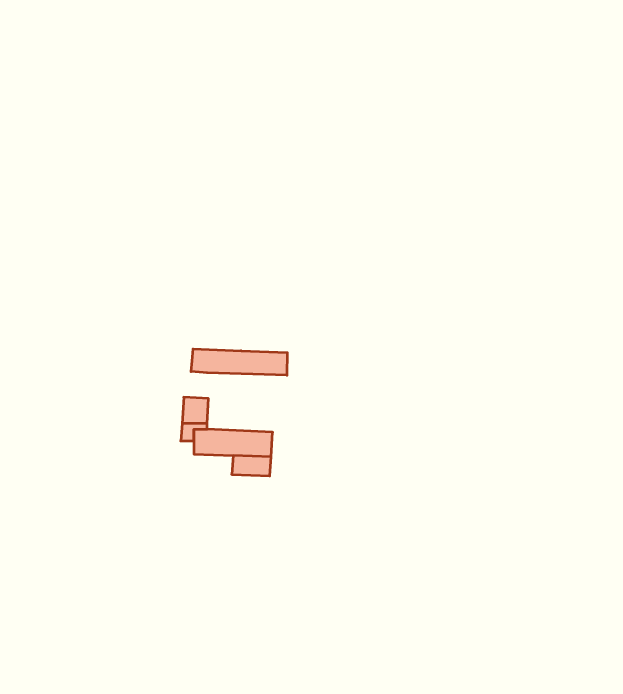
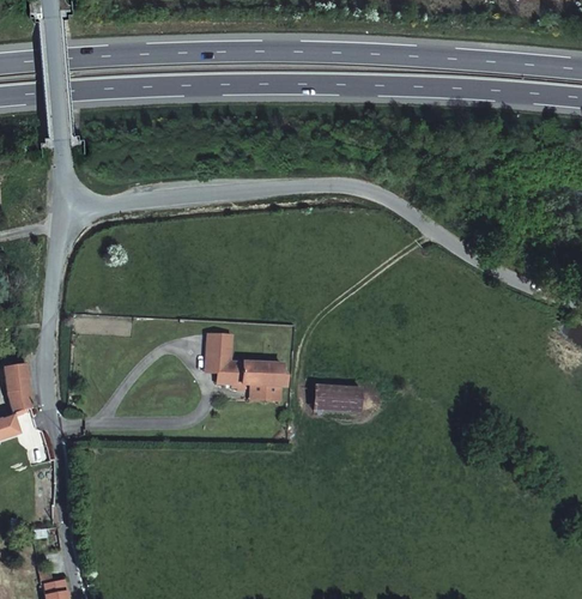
building: [191,349,287,375] -> none
building: none -> [315,383,363,411]

